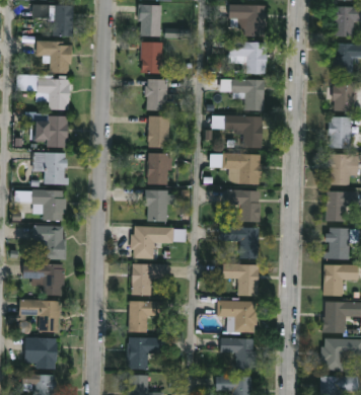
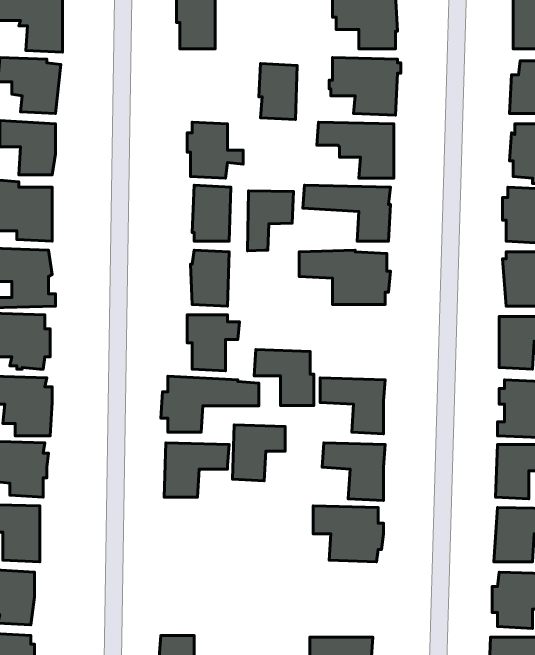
building: [141,41,163,73] -> [259,64,297,120]
building: none -> [247,191,293,251]
building: [226,188,261,221] -> [254,350,314,406]
building: [129,300,159,332] -> [233,425,285,481]
building: [127,336,170,370] -> none
building: [221,337,257,370] -> none

